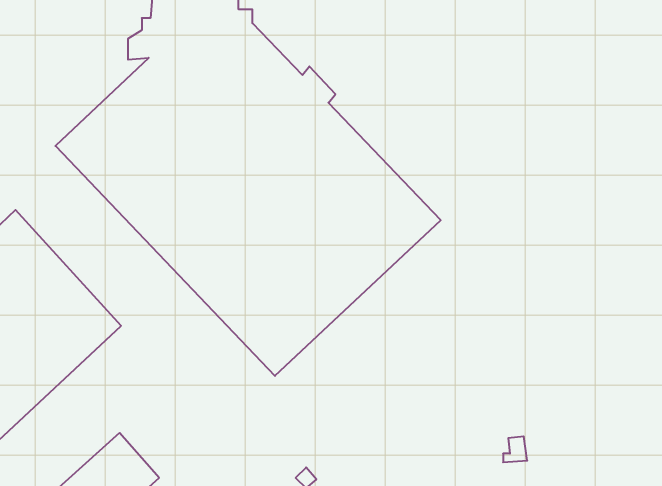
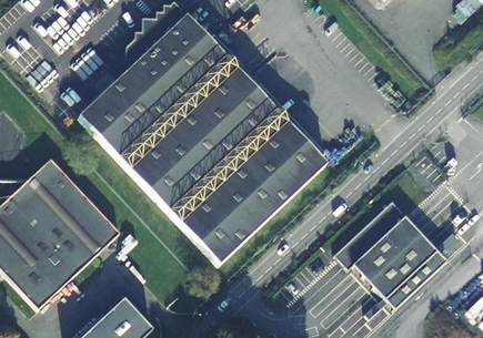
building: none -> [334,202,445,308]

